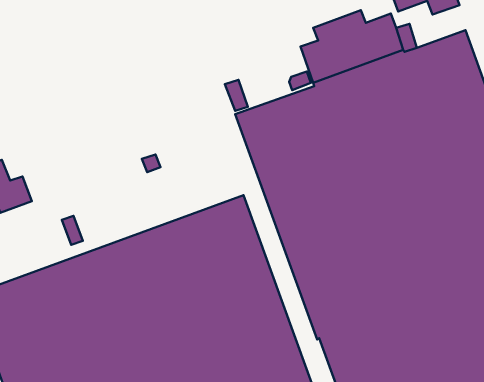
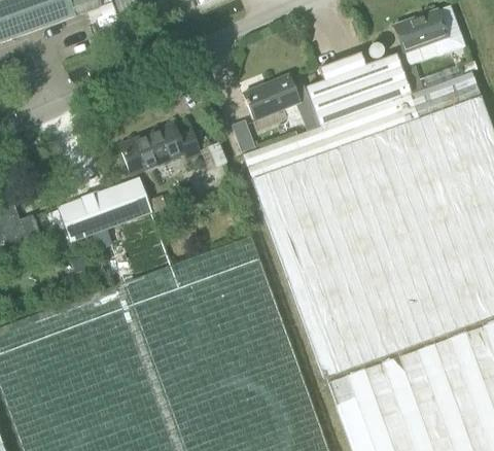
building: none -> [244,76,301,123]
building: none -> [119,125,201,177]
building: none -> [47,179,152,254]

